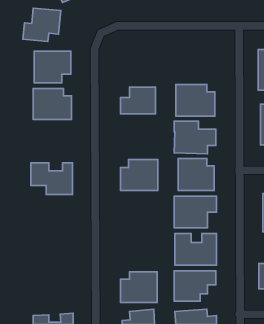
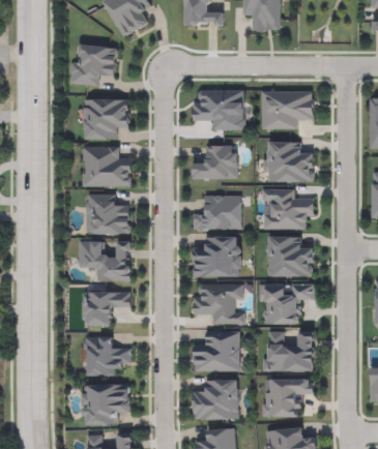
building: none -> [194,90,245,130]
building: none -> [261,91,316,129]
building: none -> [87,193,130,234]
building: none -> [194,196,242,229]
building: none -> [193,283,244,324]
building: none -> [82,292,132,326]
building: none -> [194,331,241,371]
building: none -> [84,336,132,376]
building: none -> [81,384,132,425]

